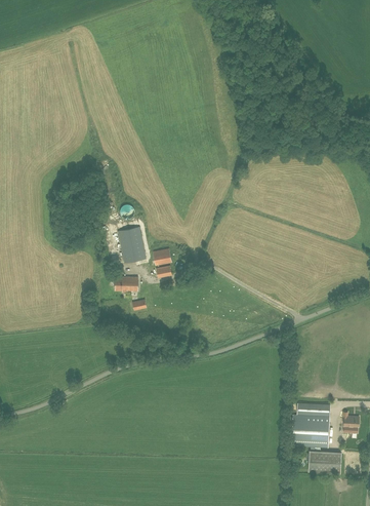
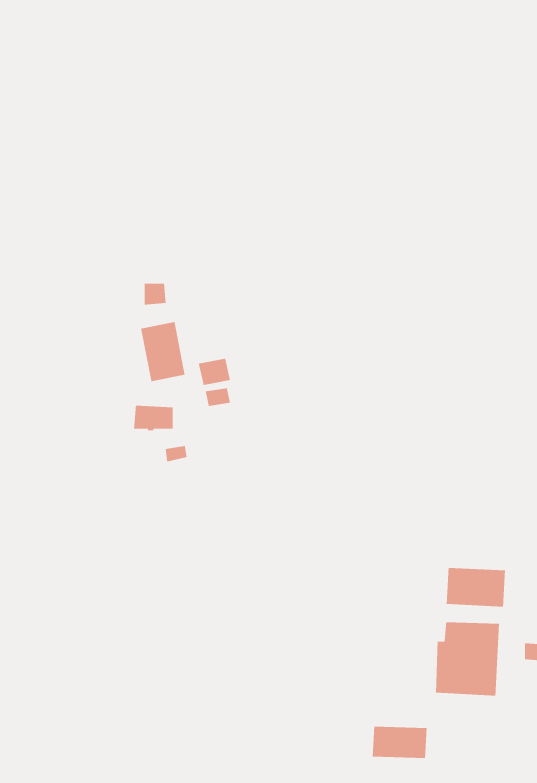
building: none -> [446,567,506,607]
building: [309,452,341,471] -> [372,726,428,759]

